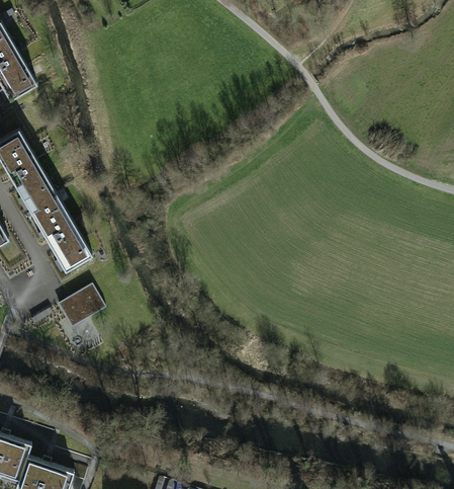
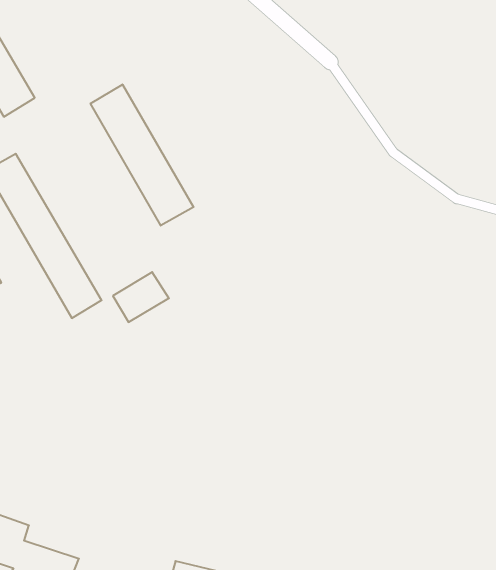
building: none -> [91,84,194,226]
building: [57,283,104,326] -> [113,272,169,322]

